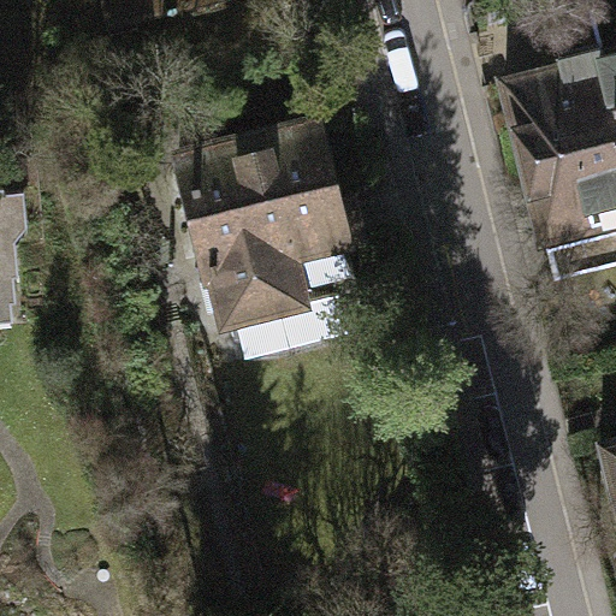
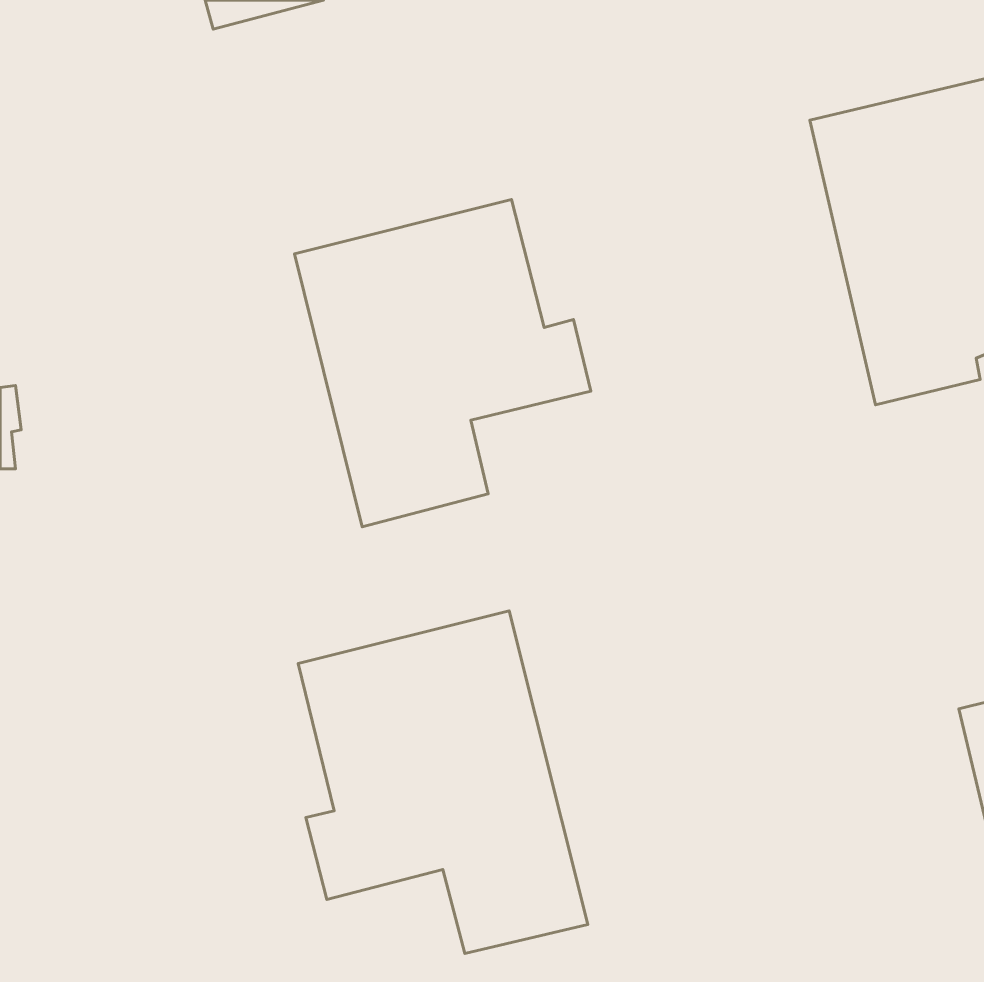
building: none -> [298,611,588,954]

